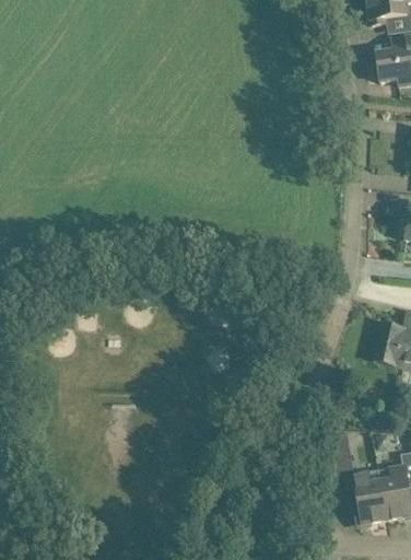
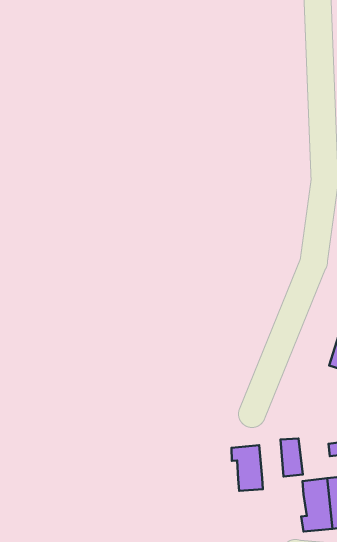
building: none -> [232,445,263,491]

